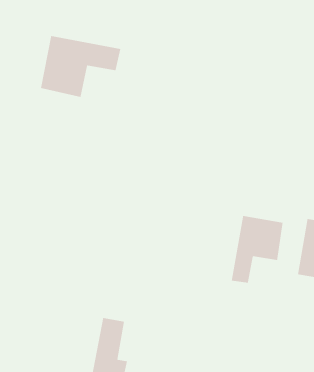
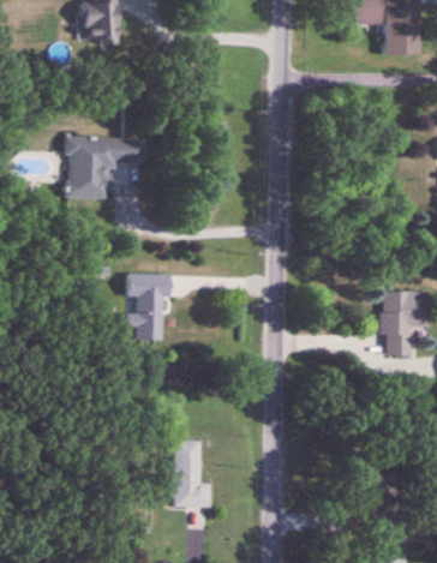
building: none -> [127,274,170,341]
building: [231,215,283,284] -> none

